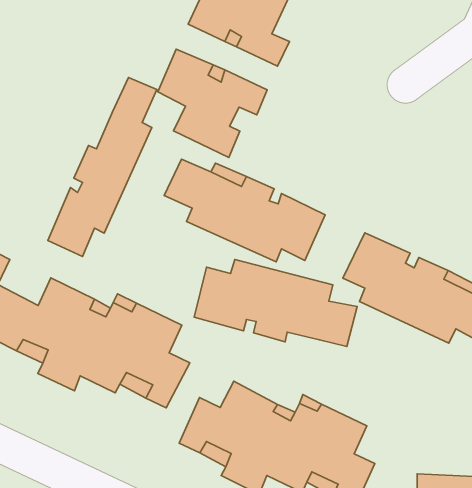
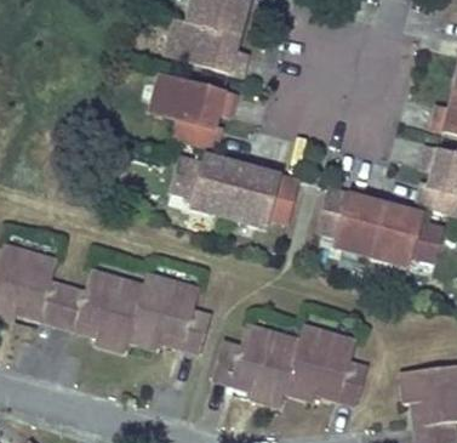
building: [48,77,157,257] -> none
building: [194,260,357,347] -> none

